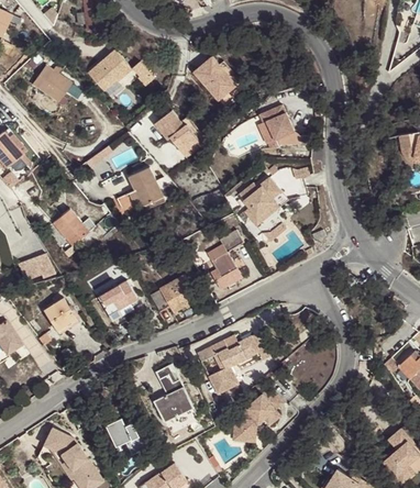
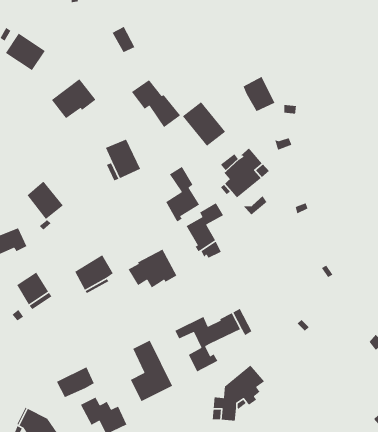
building: [89,51,133,90] -> [51,78,96,119]
building: [194,57,236,101] -> [182,101,226,147]
building: none -> [165,166,200,222]
building: none -> [56,366,95,398]

